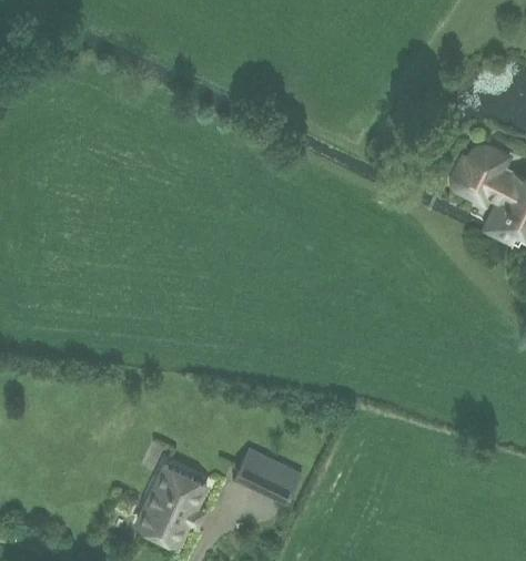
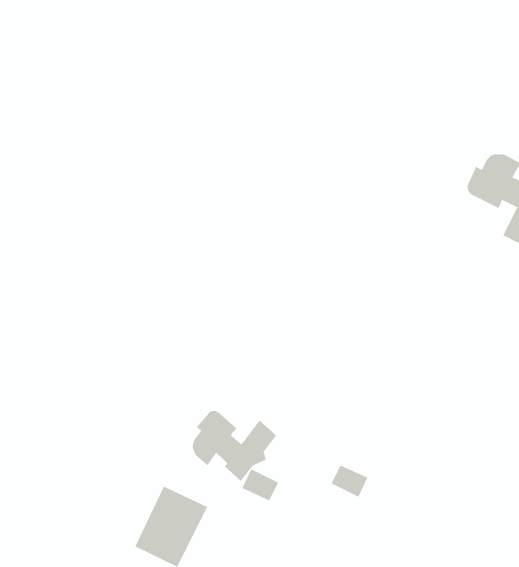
building: none -> [192,410,277,482]
building: [266,462,302,493] -> [331,465,368,497]

